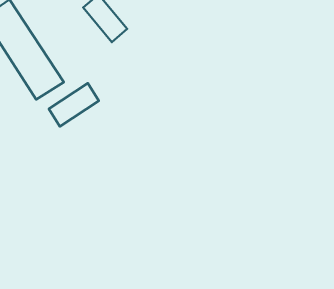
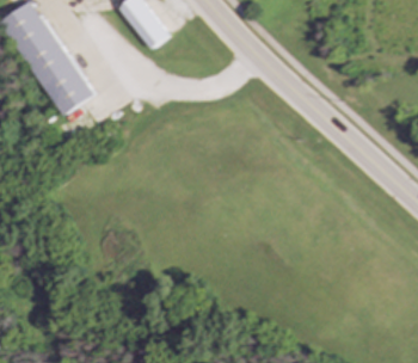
building: [49,83,99,126] -> none

